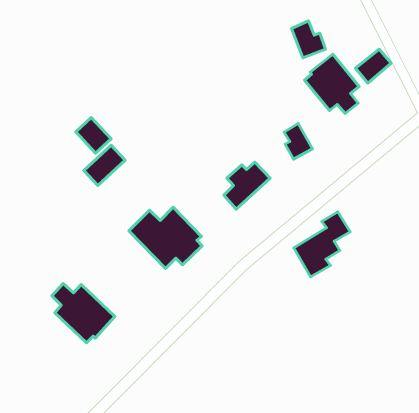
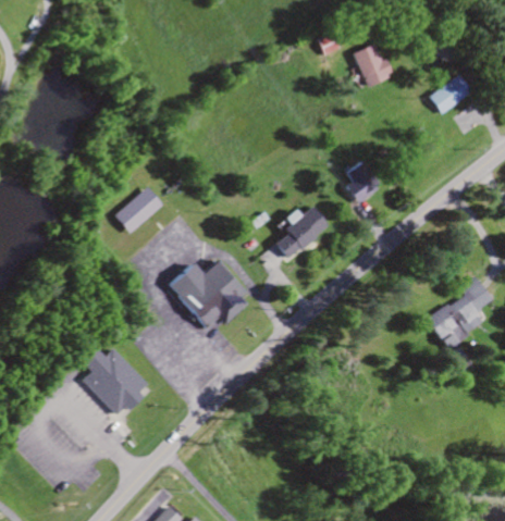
building: [305,54,359,114] -> none
building: [76,117,111,153] -> none
building: [294,212,350,277] -> [428,277,493,352]

